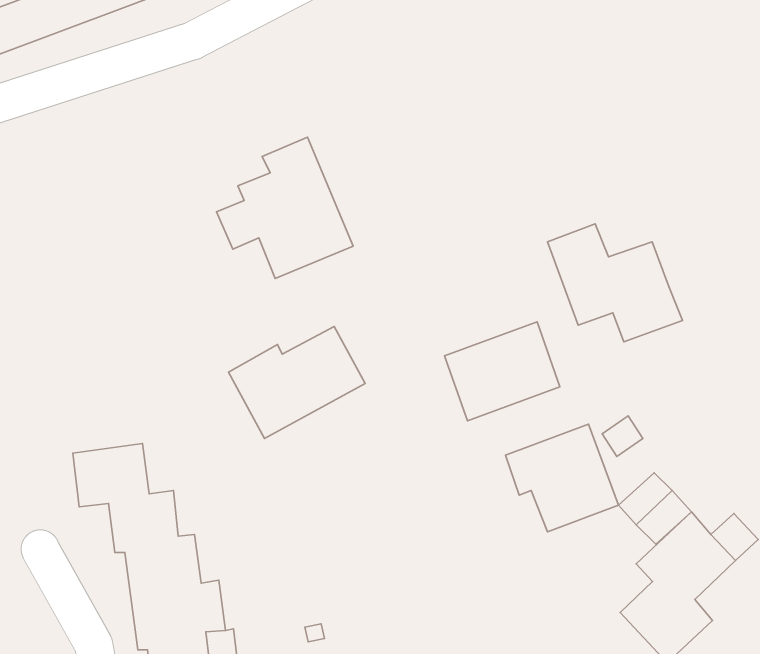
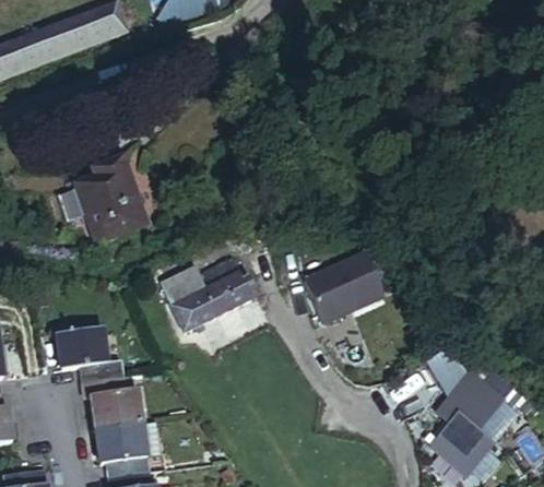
building: [217,137,353,279] -> [56,146,147,241]
building: [547,224,682,342] -> none
building: [506,424,618,532] -> none

